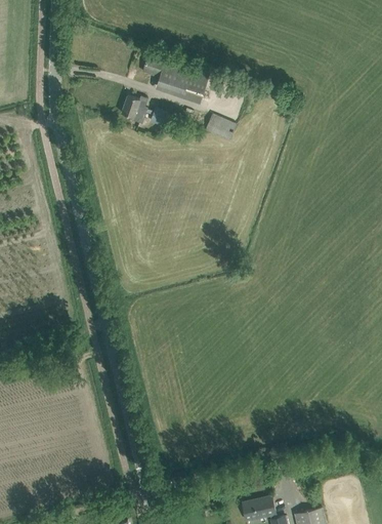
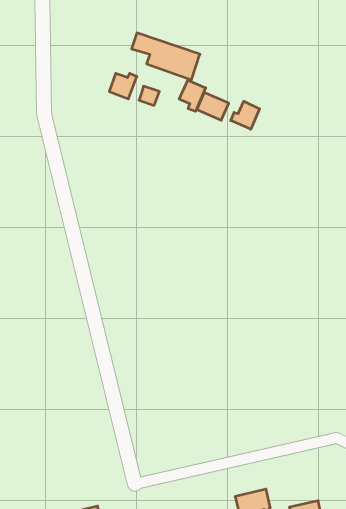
building: none -> [179,80,206,111]
building: none -> [231,101,260,129]

